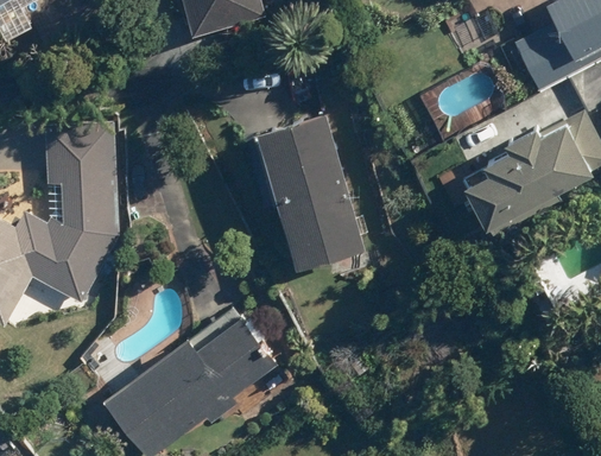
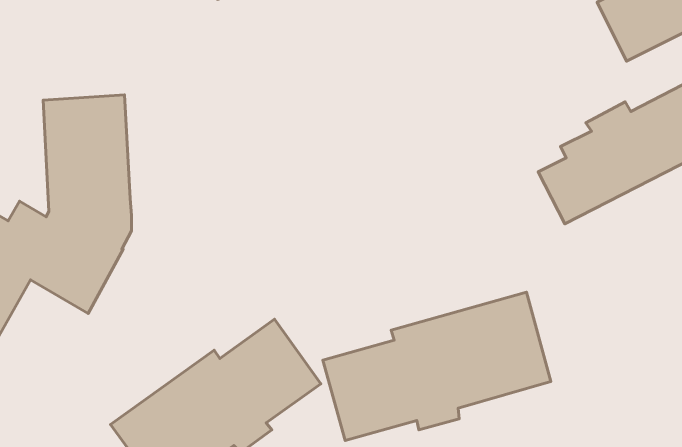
building: [257,113,366,268] -> none
building: none -> [323,292,551,441]

